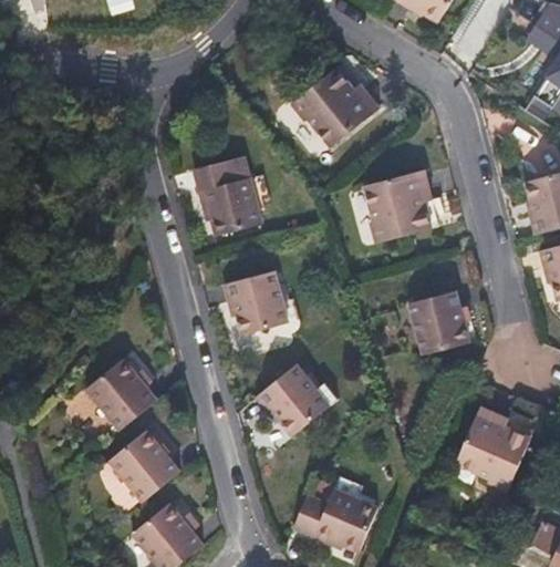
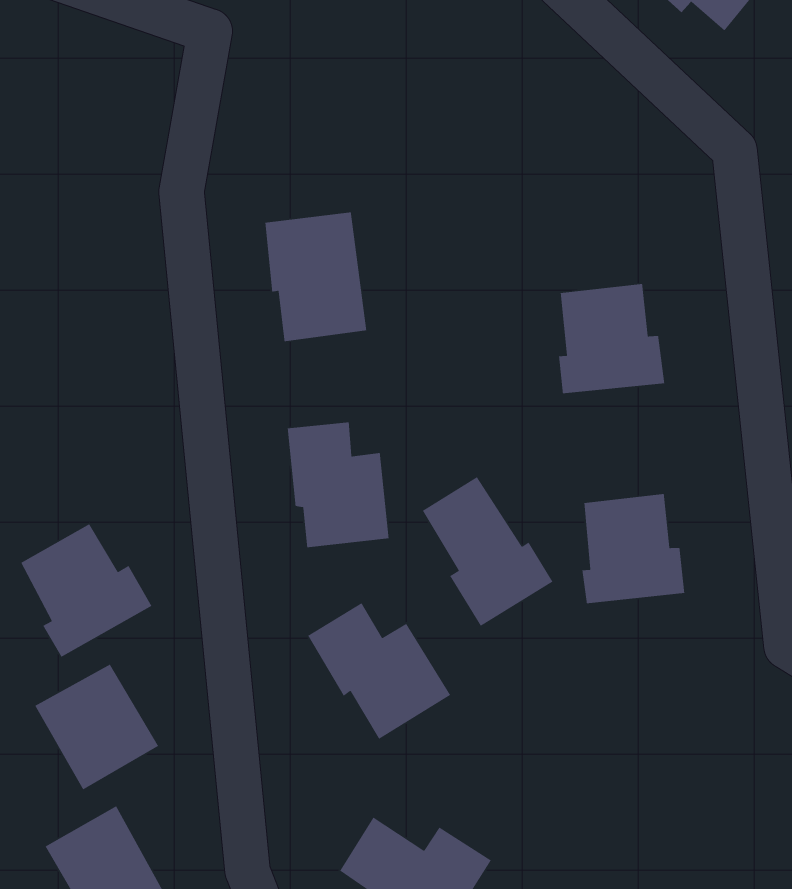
building: [295,66,371,145] -> none
building: none -> [422,476,553,627]
building: [453,421,525,491] -> none

